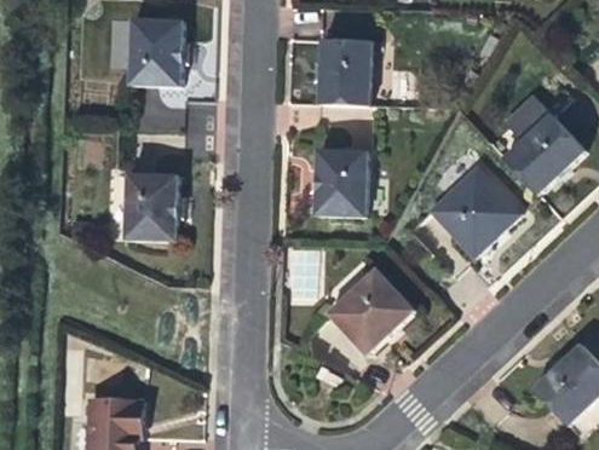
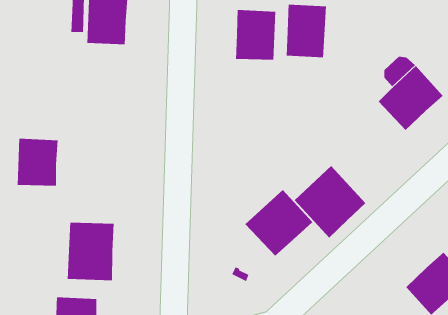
building: [316,146,368,215] -> [286,4,327,58]
building: [432,163,524,256] -> [294,165,366,238]
building: [123,172,177,233] -> [17,138,59,186]
building: none -> [67,222,114,281]

